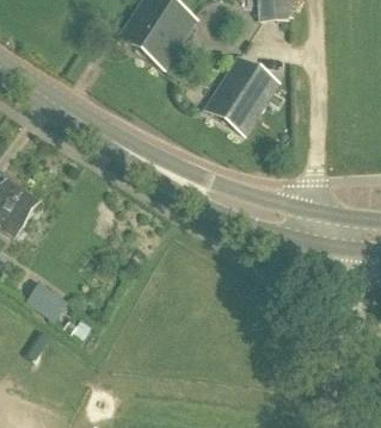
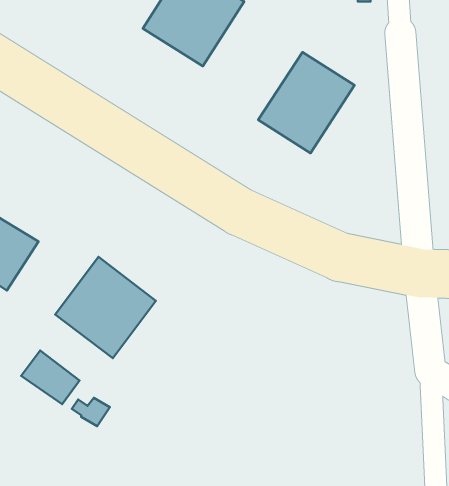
building: none -> [55,257,156,358]

